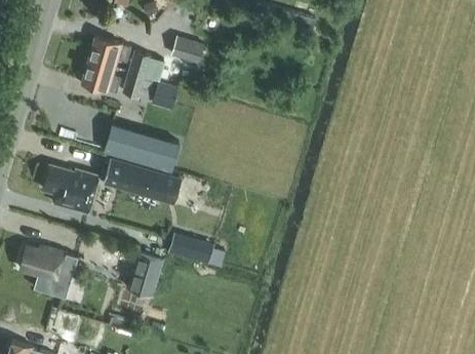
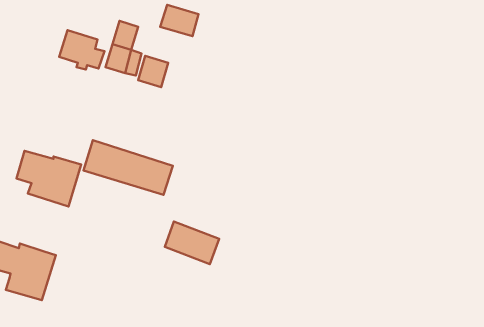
building: [88,36,131,67] -> none
building: [104,122,180,170] -> none
building: [126,251,163,296] -> none

